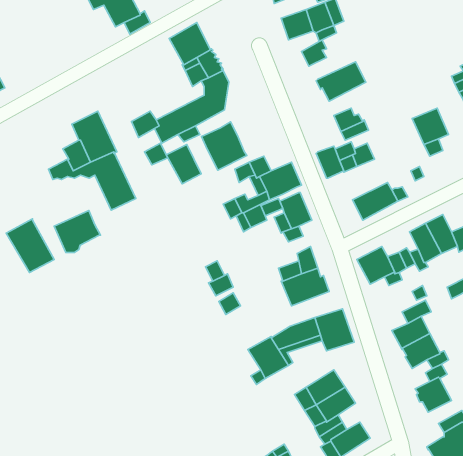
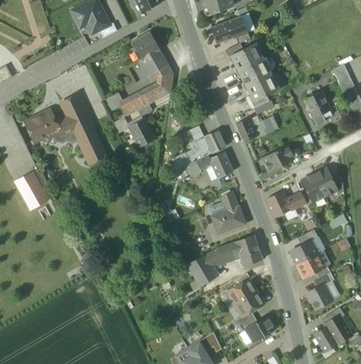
building: none -> [231,43,264,71]
building: none -> [246,73,280,97]
building: [202,122,247,170] -> none
building: [54,210,101,252] -> [26,110,59,140]

